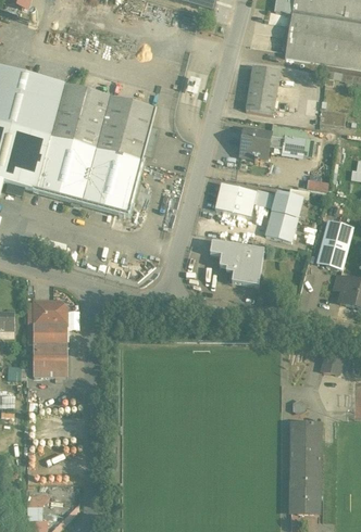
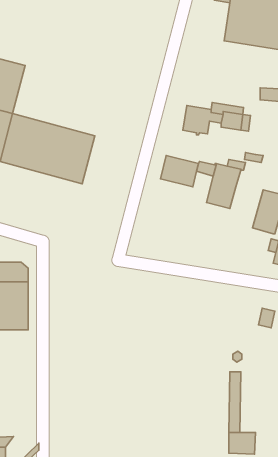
building: [246,65,279,113] -> none
building: [50,83,155,161] -> none
building: [210,241,264,287] -> none
building: [302,422,320,490] -> none

